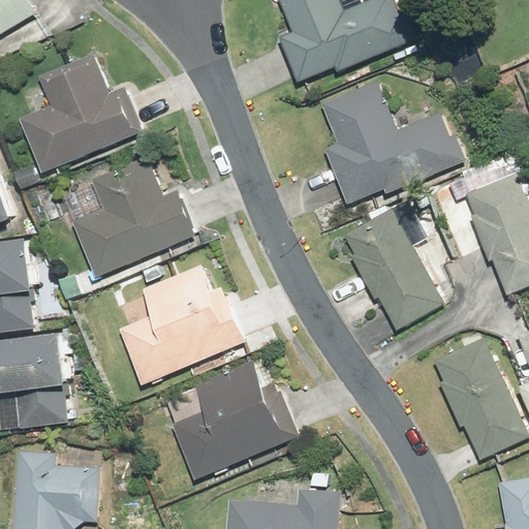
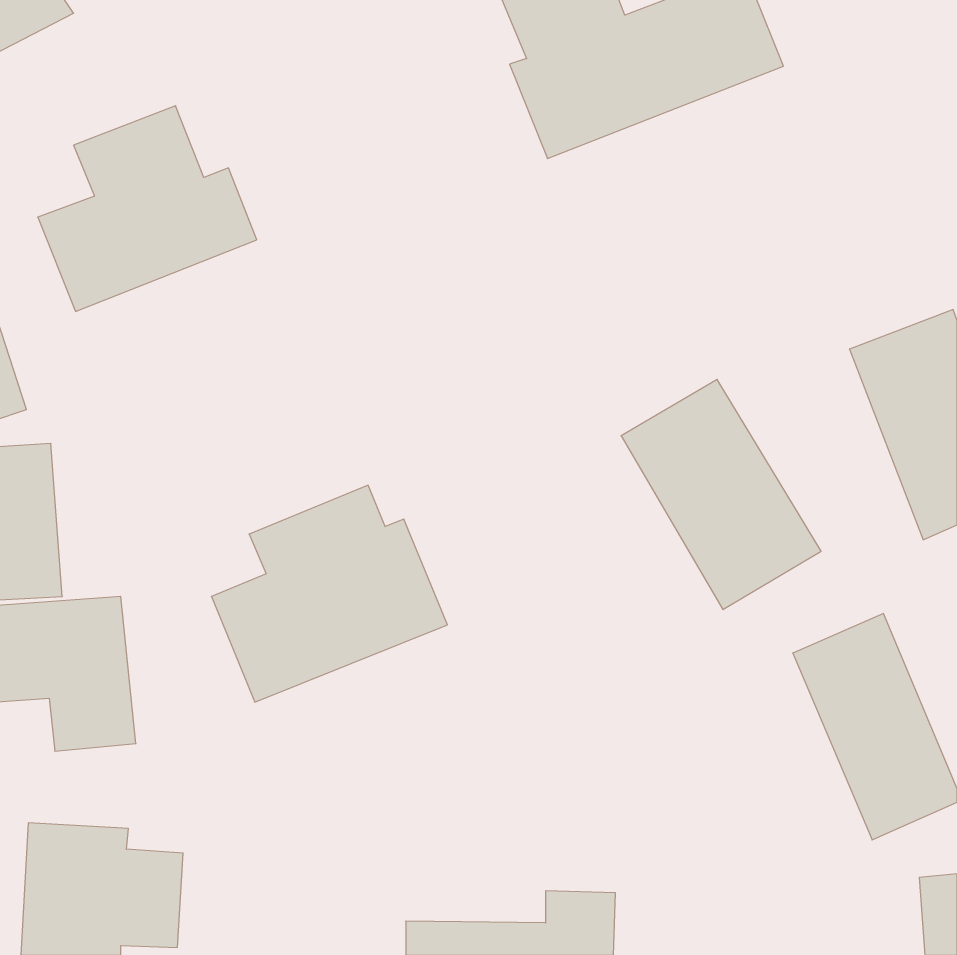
building: [317,84,468,209] -> none
building: [65,161,196,280] -> none
building: [168,365,293,475] -> none

